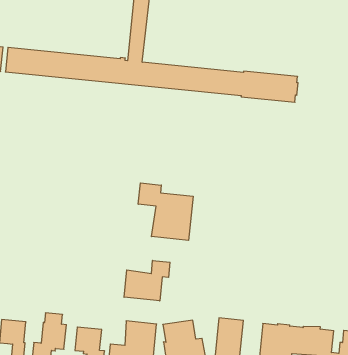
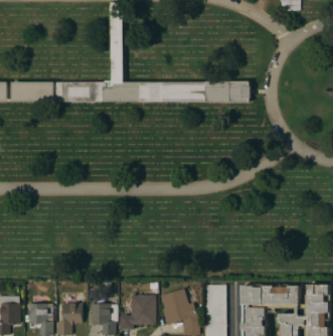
building: [138,183,193,240] -> none
building: [124,260,170,301] -> none

